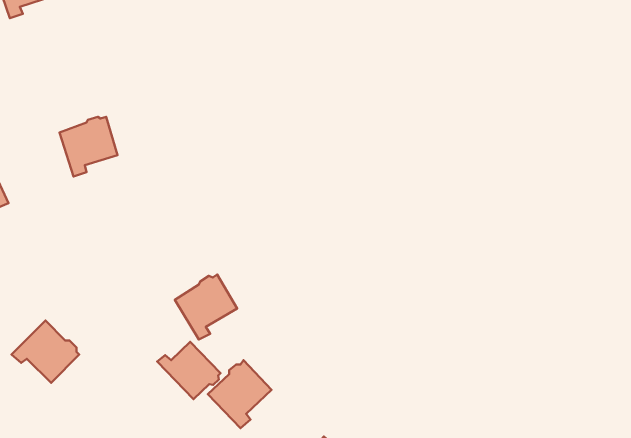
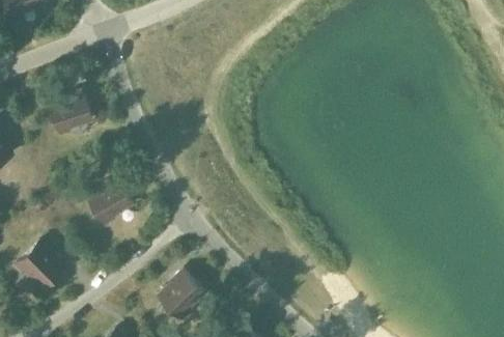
building: [175,275,237,340] -> [86,178,132,226]
building: [157,342,220,399] -> none

